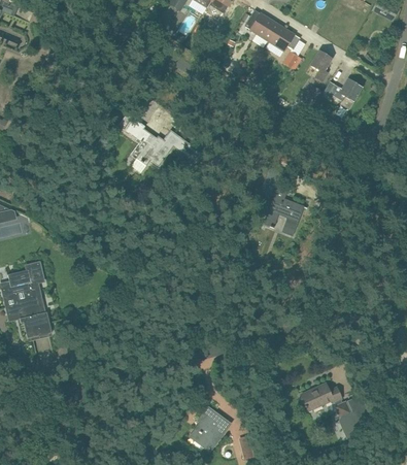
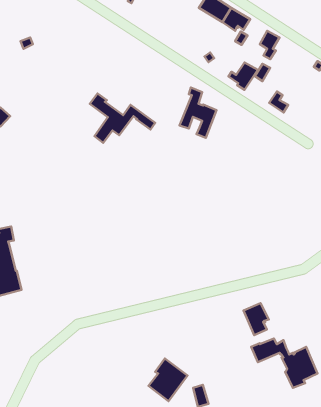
building: [331,78,363,108] -> [229,62,258,90]
building: [263,181,303,236] -> [179,88,216,138]
building: none -> [244,303,269,335]

